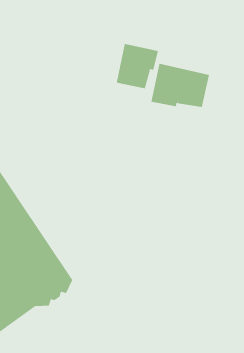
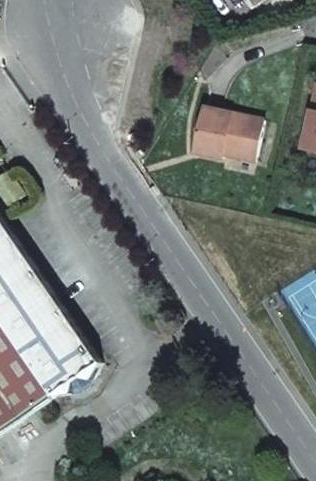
building: [116,43,158,89] -> none

